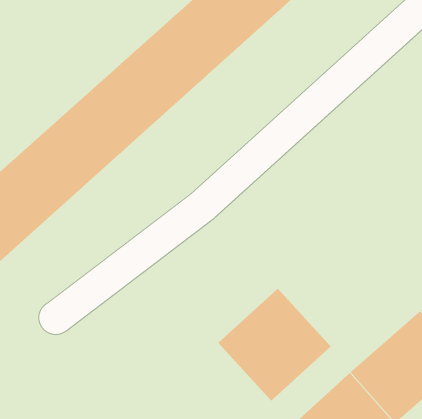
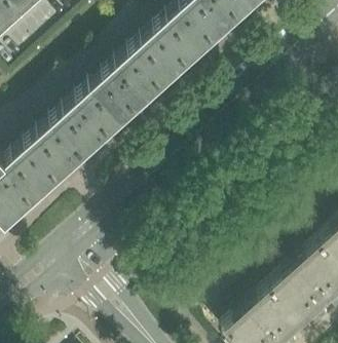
building: [217,288,332,401] -> none

